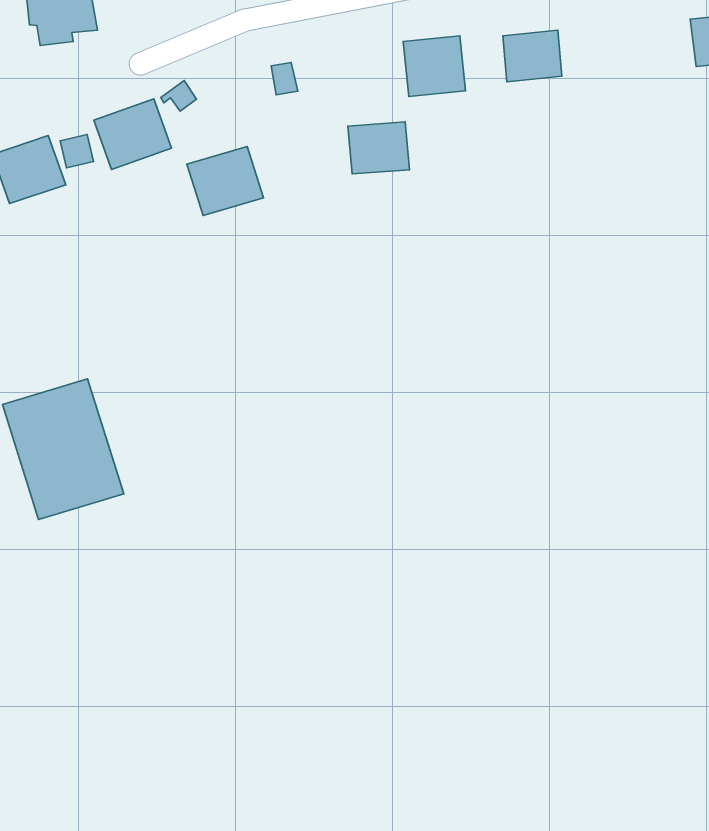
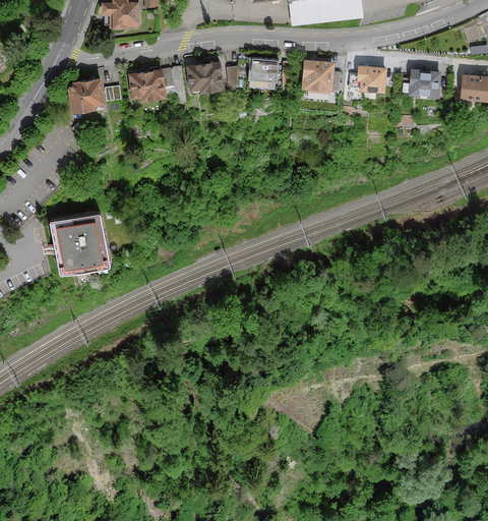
building: none -> [402,71,441,97]
building: [348,122,409,174] -> [249,56,283,85]
building: [187,146,263,215] -> [186,60,225,94]

